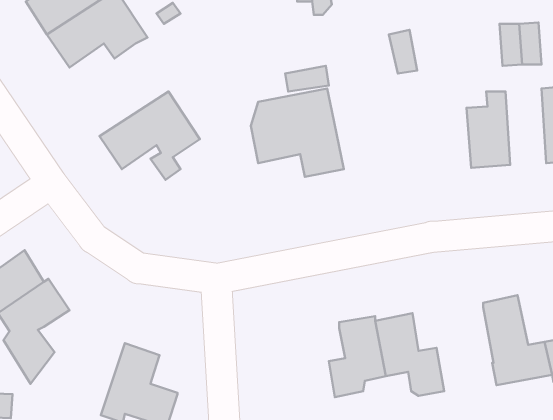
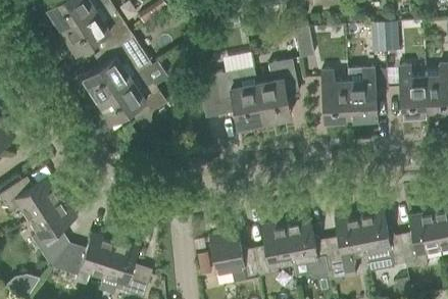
building: none -> [84,32,152,99]
building: none -> [256,59,298,121]
building: none -> [321,70,351,121]
building: none -> [328,212,366,279]
building: none -> [209,229,258,281]
building: none -> [51,232,115,284]

